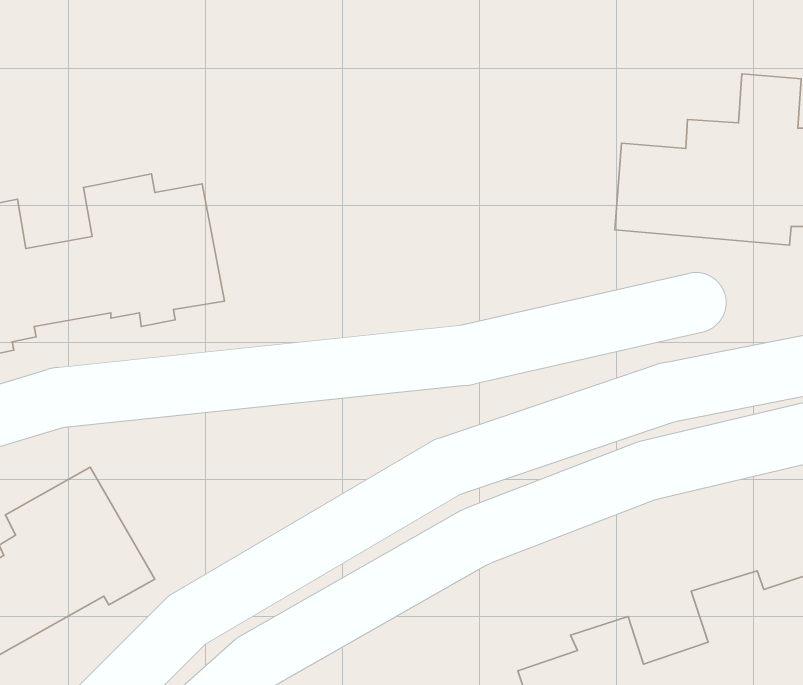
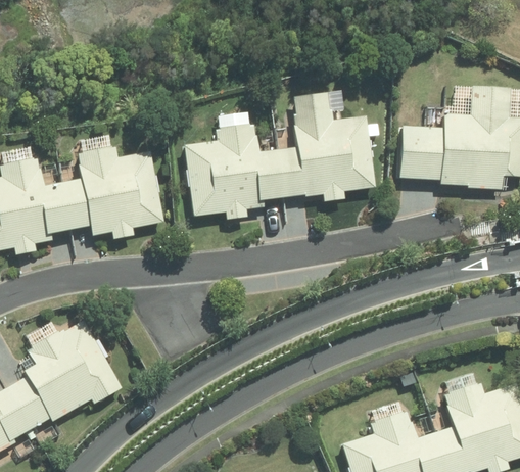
building: none -> [183,90,376,217]

